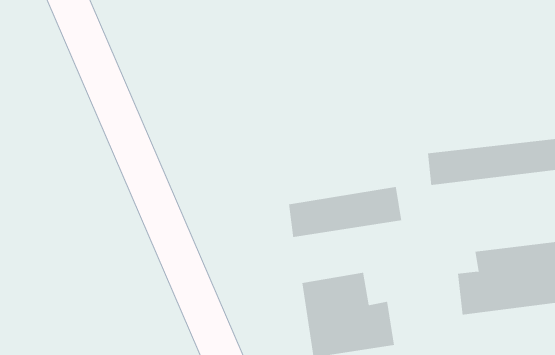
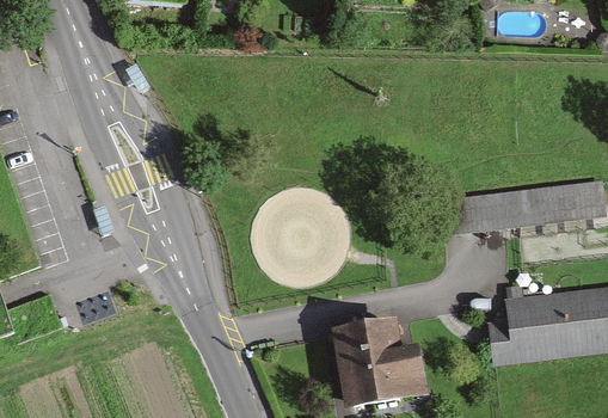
building: [288,186,402,238] -> none

